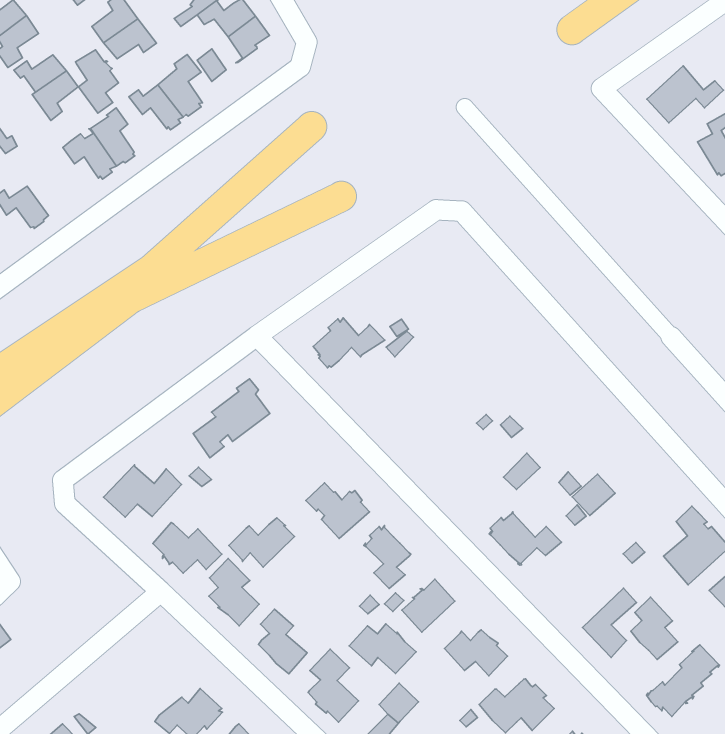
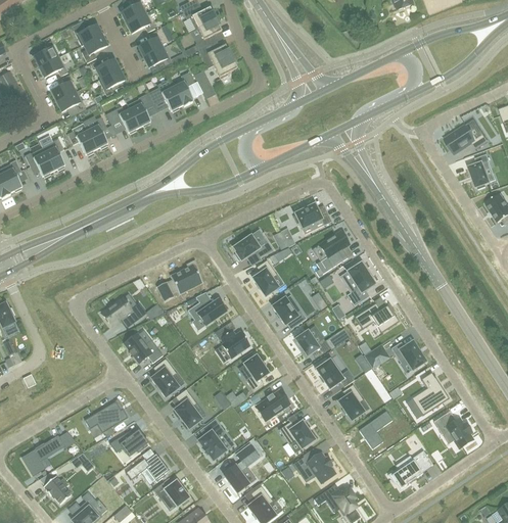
building: [75,50,118,113] -> none
building: none -> [86,115,107,148]
building: none -> [293,202,331,228]
building: none -> [316,230,350,273]
building: none -> [339,260,375,304]
building: none -> [252,258,278,295]
building: none -> [355,301,399,332]
building: none -> [272,296,307,325]
building: none -> [391,340,425,369]
building: none -> [294,325,330,355]
building: [229,518,295,567] -> [188,298,226,325]
building: [631,597,678,660] -> [338,383,364,419]
building: [349,624,416,673] -> none
building: none -> [85,400,128,436]

